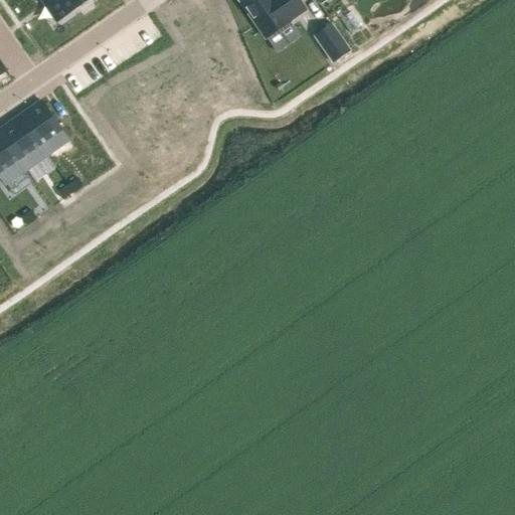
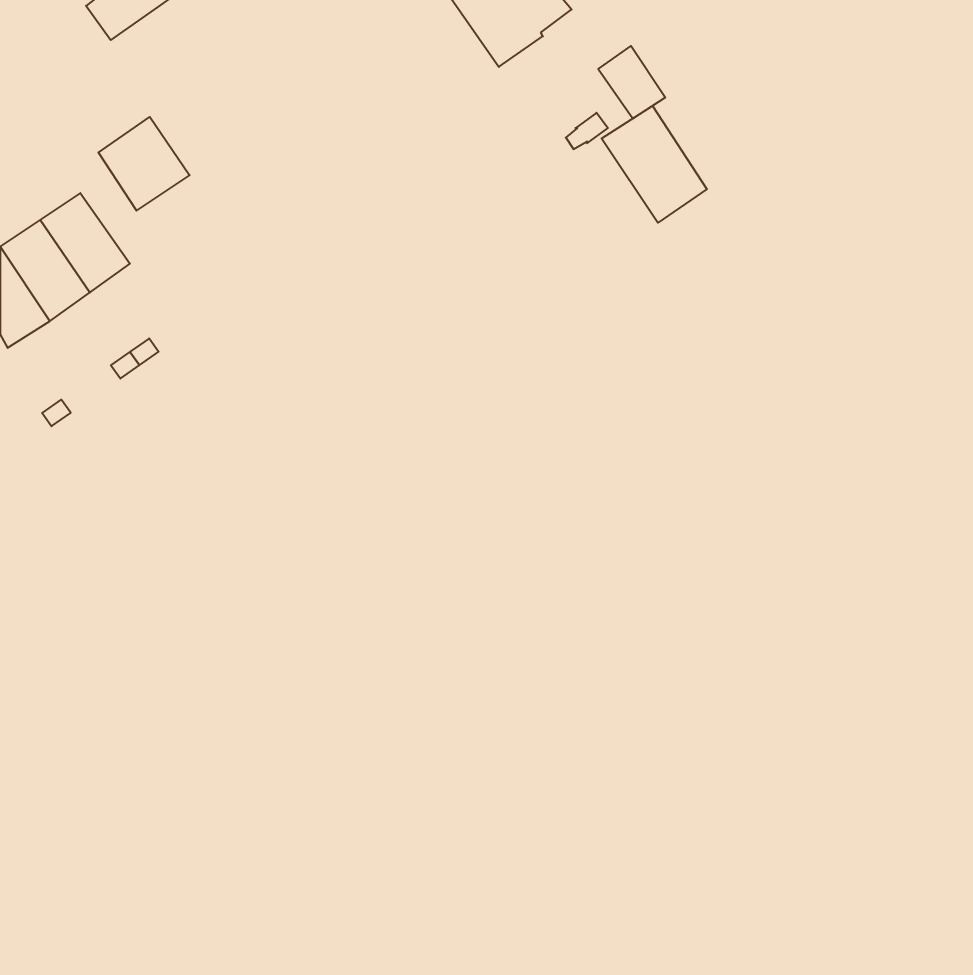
building: none -> [602,106,707,223]
building: none -> [98,117,190,211]

